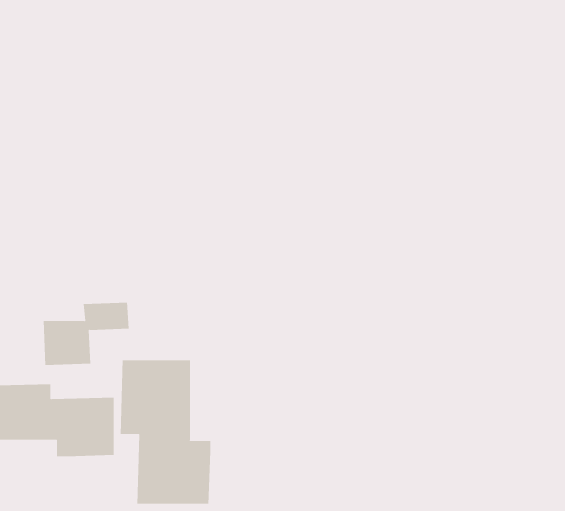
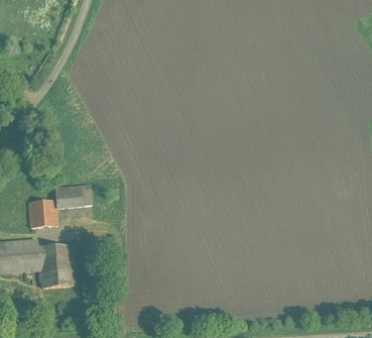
building: [120,359,211,504] -> none

